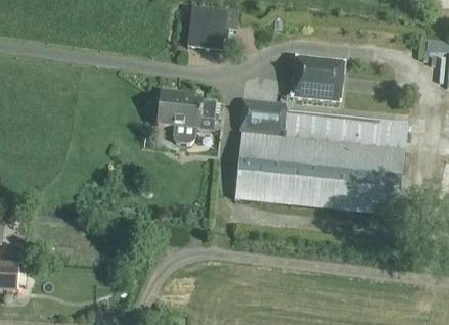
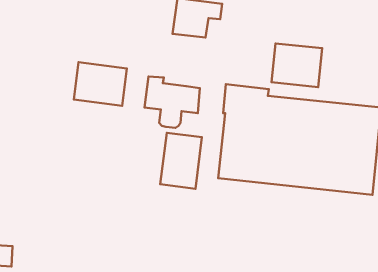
building: none -> [74,62,127,106]
building: none -> [160,133,202,189]

